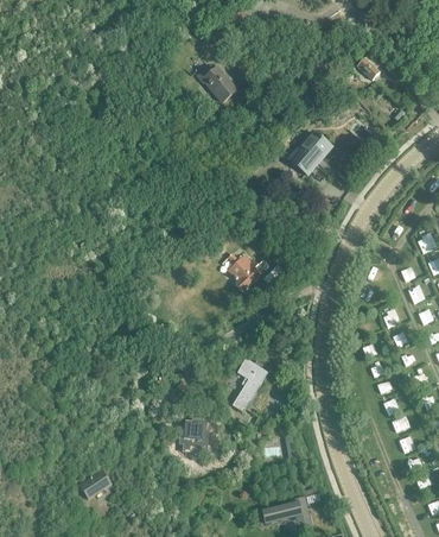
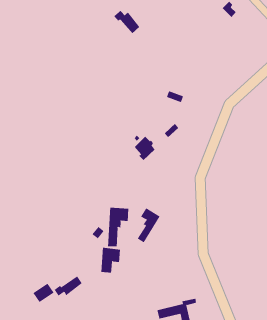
building: [290,131,330,173] -> none
building: none -> [107,207,129,247]
building: none -> [54,276,83,297]

